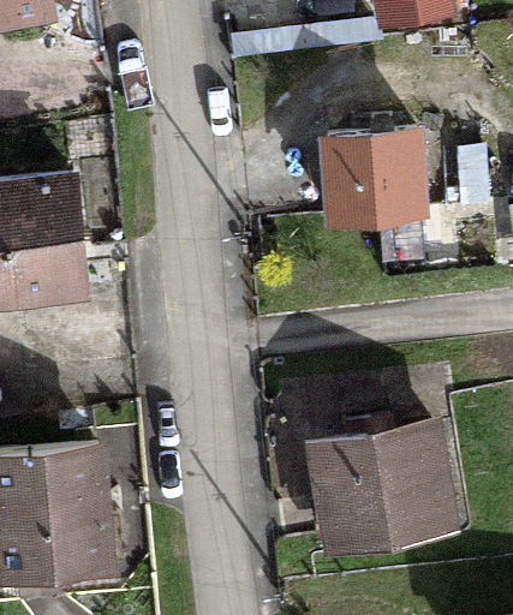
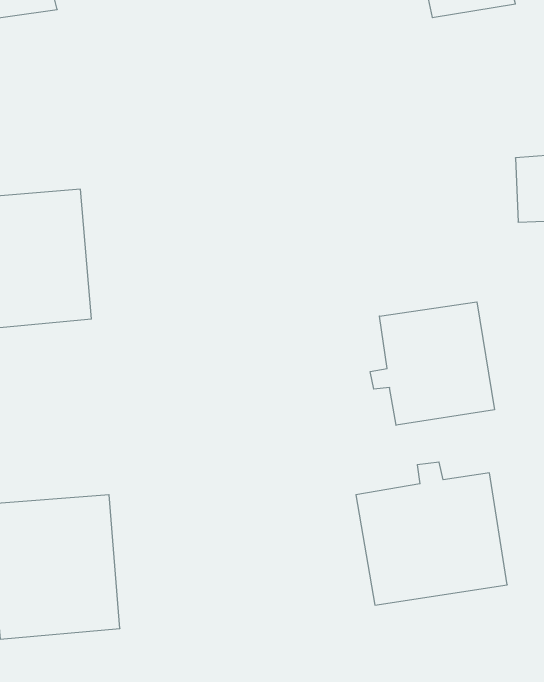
building: [327,132,422,220] -> none
building: none -> [370,302,494,425]

